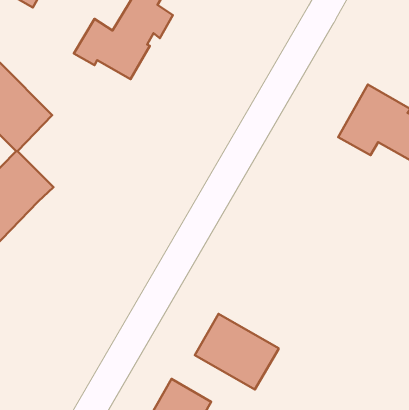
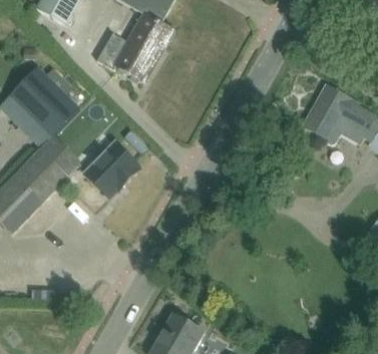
building: none -> [84,142,139,198]
building: [195,314,279,389] -> none

